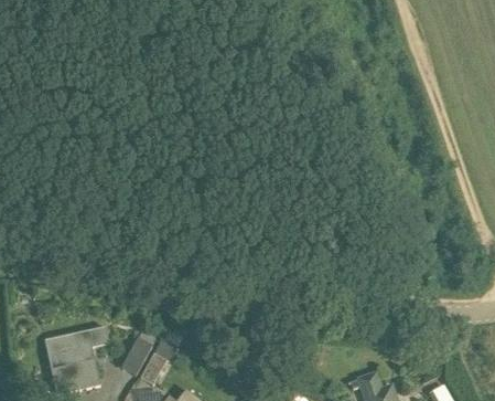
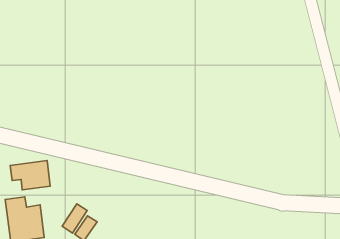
building: none -> [10,161,50,190]

